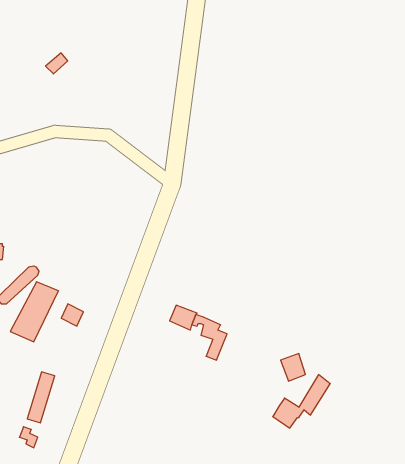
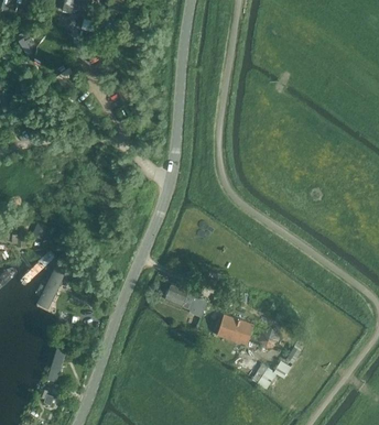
building: none -> [216,313,253,344]

